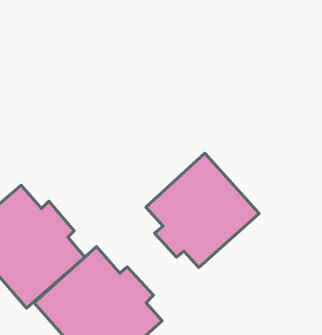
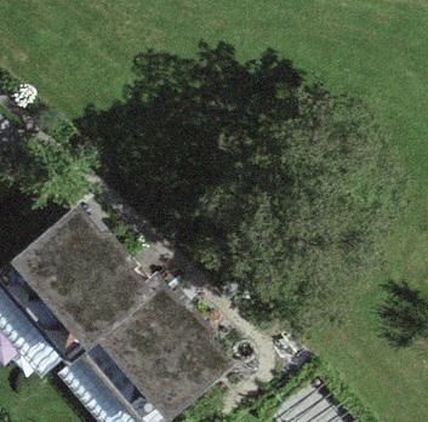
building: [146,153,259,267] -> none

